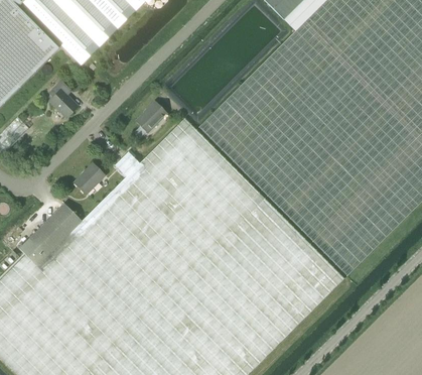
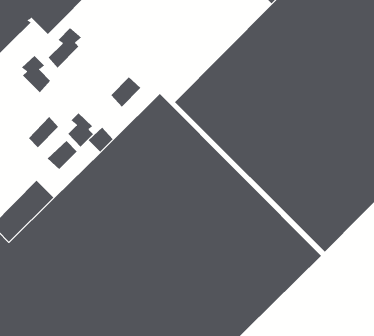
building: none -> [48,27,82,68]
building: none -> [68,113,94,148]
building: none -> [28,116,59,148]

